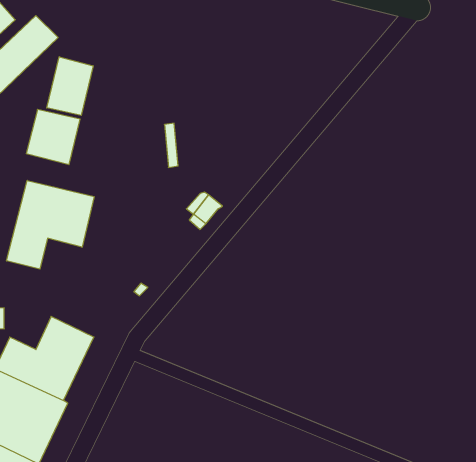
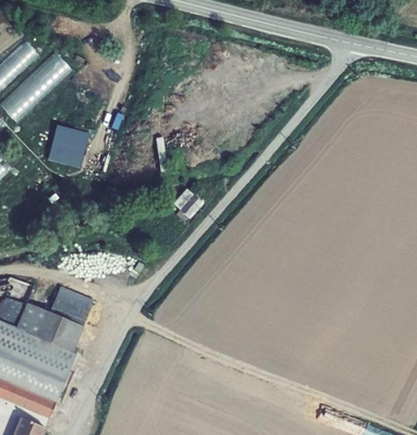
building: [47,57,93,115] -> none
building: [7,180,94,269] -> none

